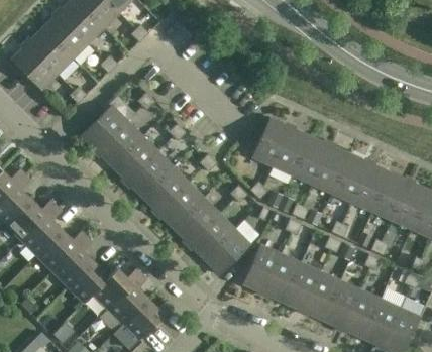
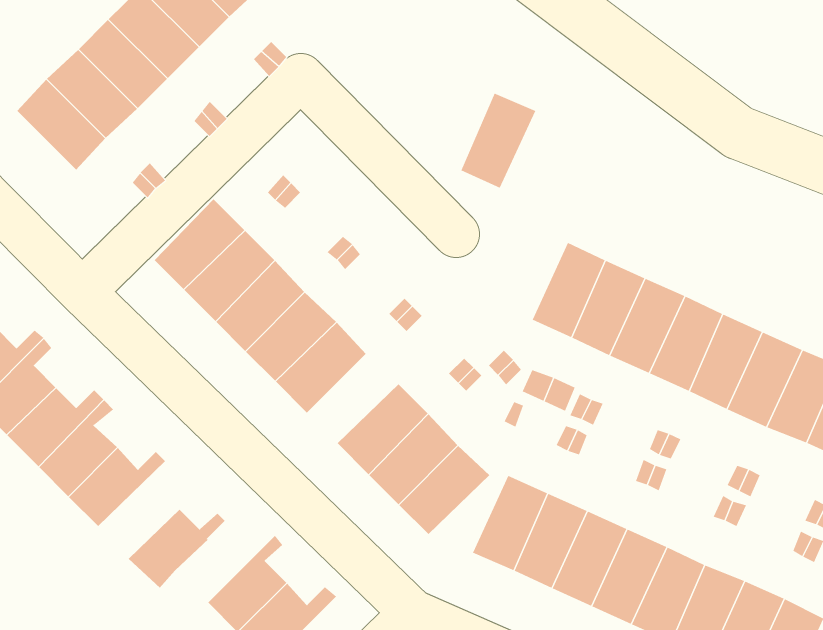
building: [251,117,290,165] -> [460,93,536,189]
building: [157,183,204,228] -> none
building: [51,237,92,286] -> none
building: [91,267,141,309] -> none

